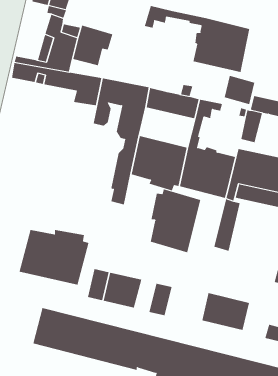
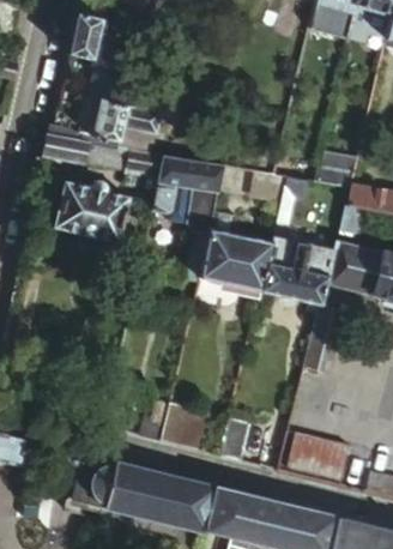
building: [144,5,250,73] -> none
building: none -> [52,179,132,242]
building: [150,189,201,253] -> none
building: [19,229,89,285] -> none

